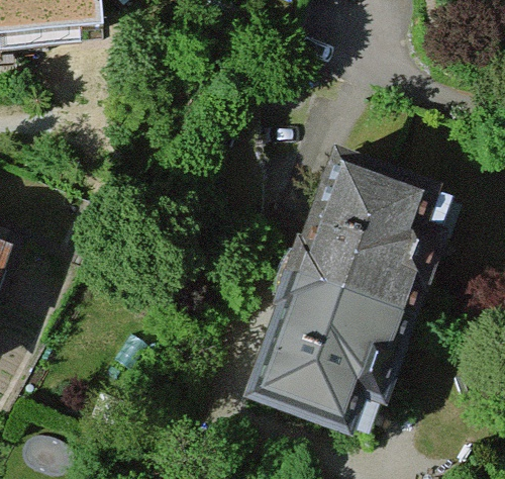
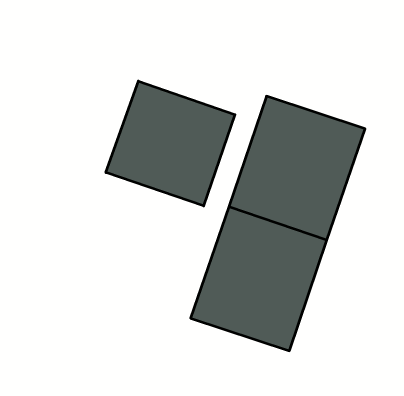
building: none -> [106,81,235,206]

